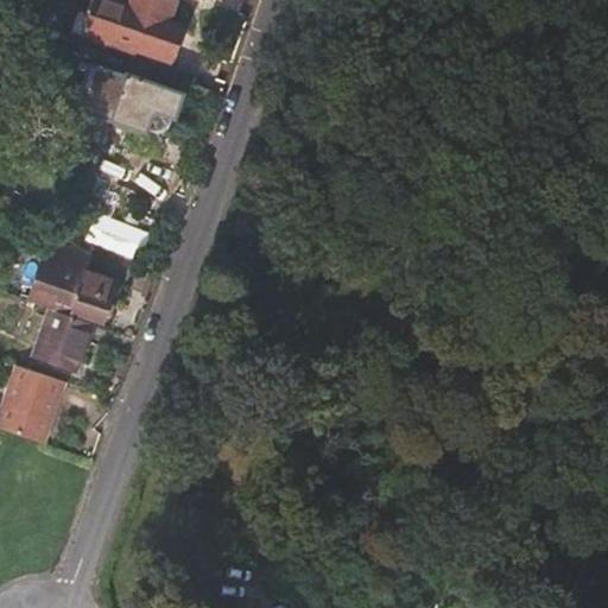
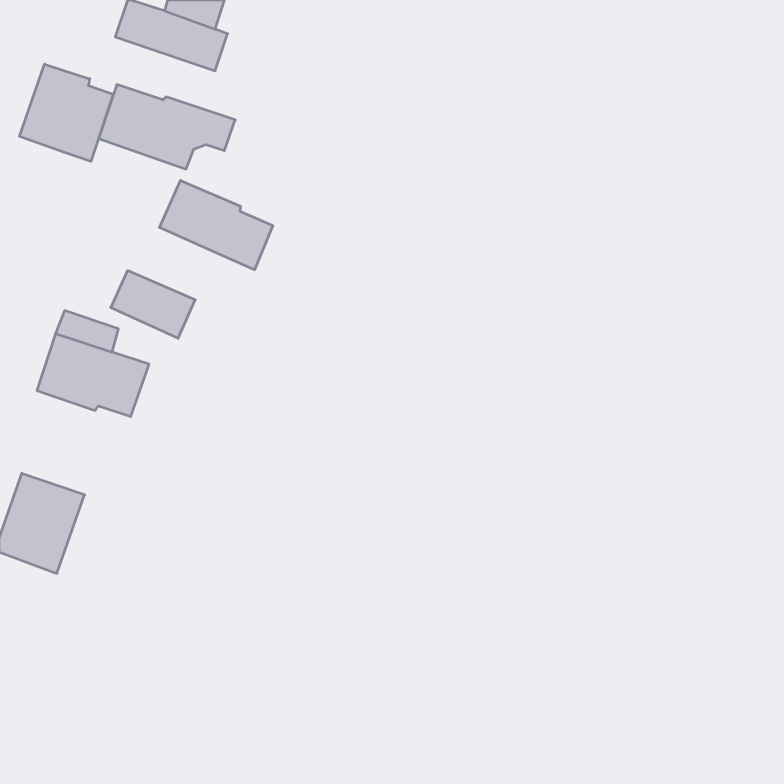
building: none -> [19,64,113,161]
building: none -> [159,180,273,270]
building: [34,312,89,369] -> none

